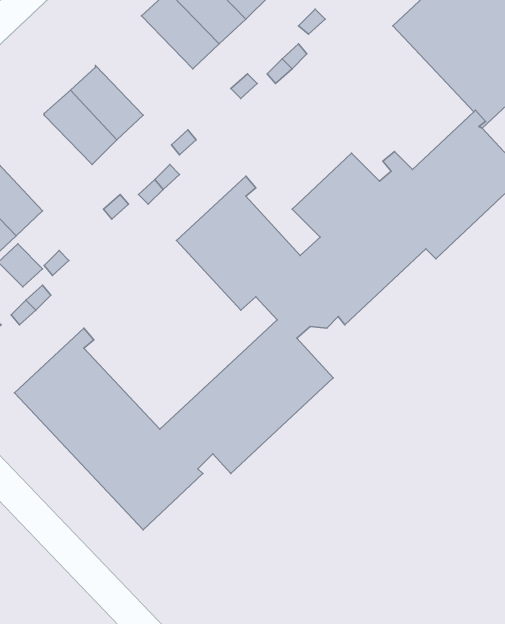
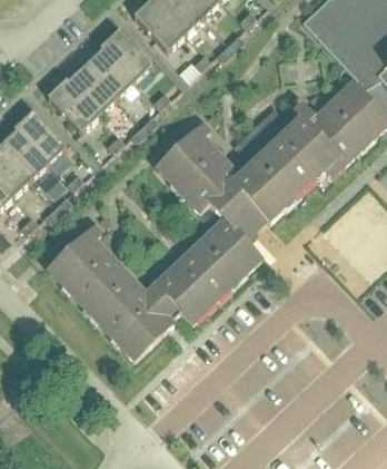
building: none -> [100,28,152,80]
building: none -> [48,77,100,130]

